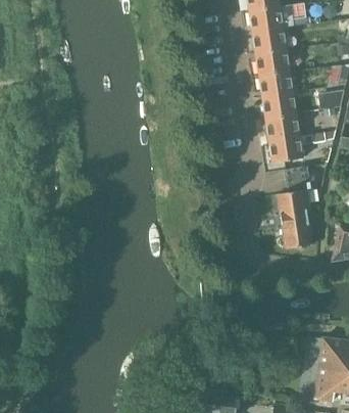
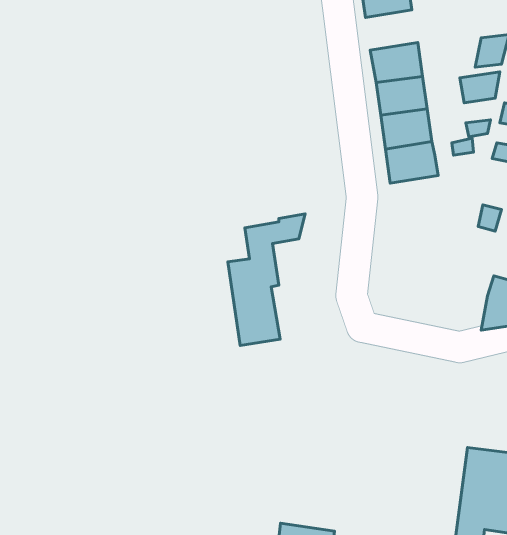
building: [255,48,290,75] -> none
building: [277,162,328,248] -> [228,214,305,345]

